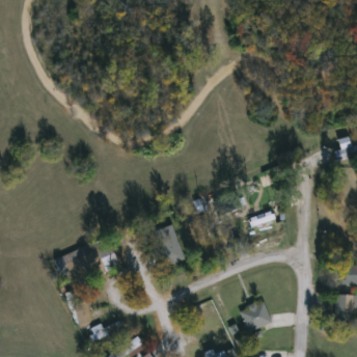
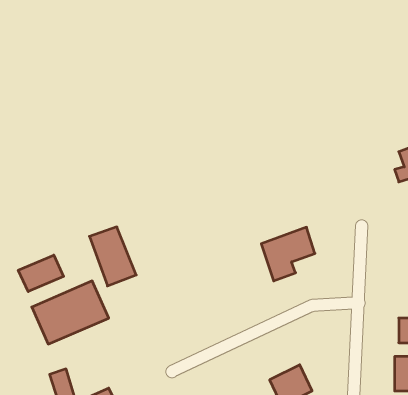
building: none -> [18,255,64,292]
building: [152,222,187,267] -> [89,227,136,286]

